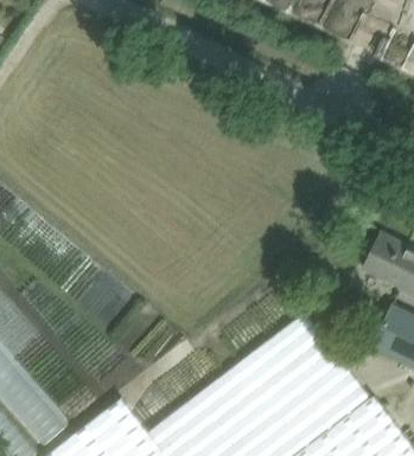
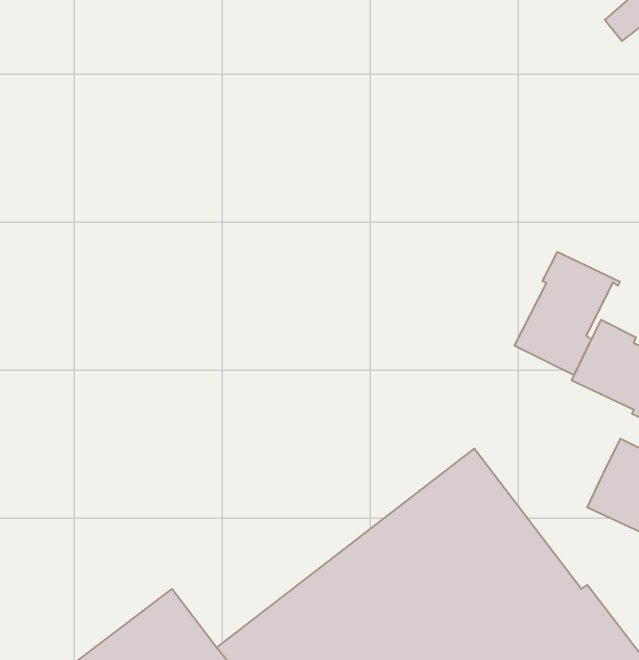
building: none -> [515,252,620,375]

